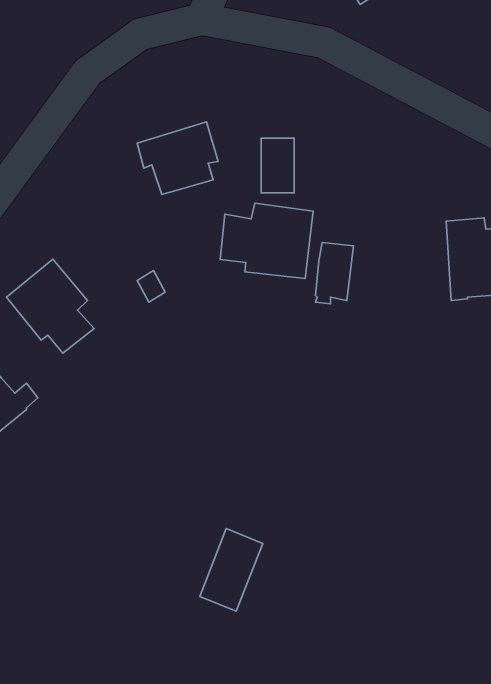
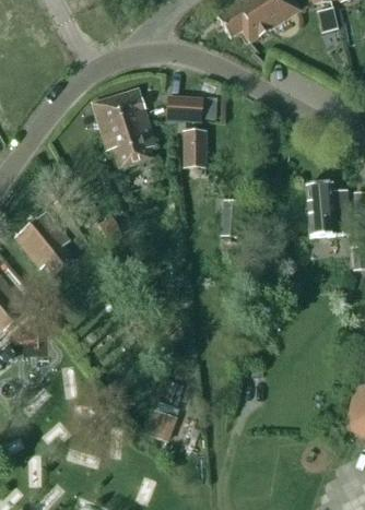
building: none -> [92,87,148,133]
building: none -> [166,96,202,120]
building: [220,203,313,279] -> none

